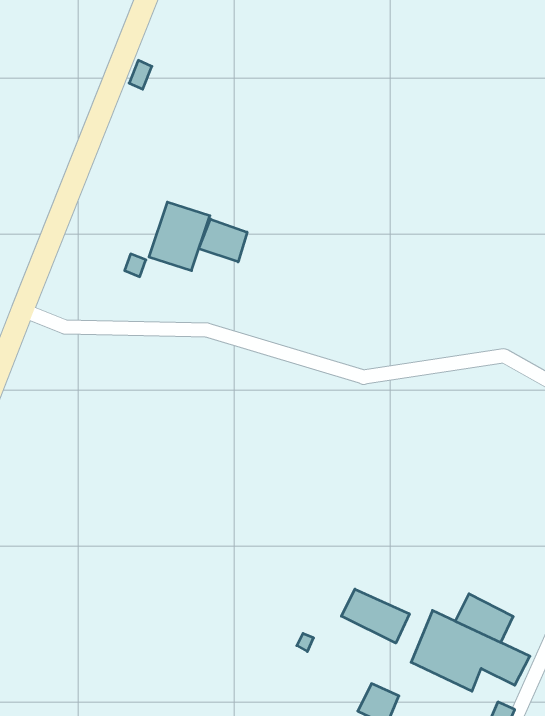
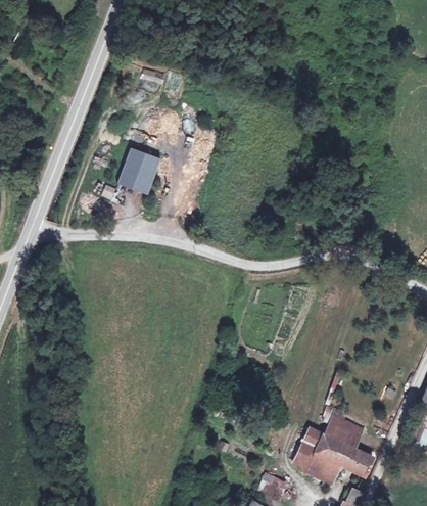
building: [199,219,247,262] -> none
building: [341,589,409,643] -> none

